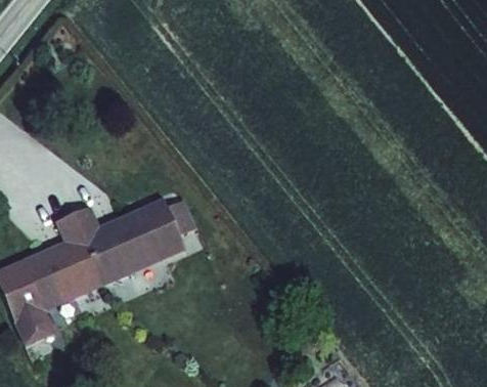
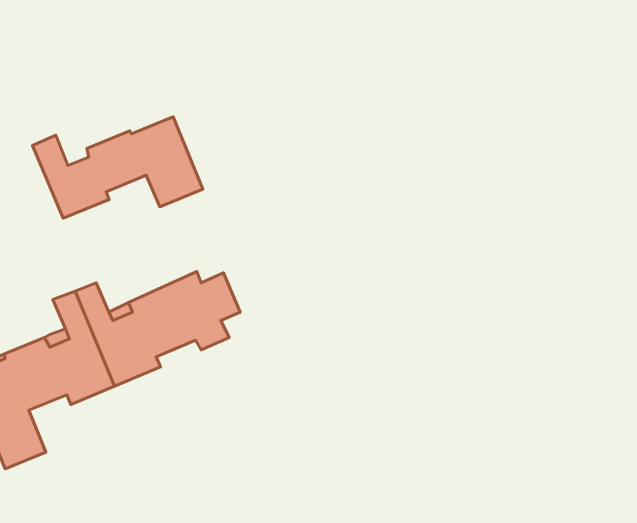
building: none -> [33,117,203,218]

